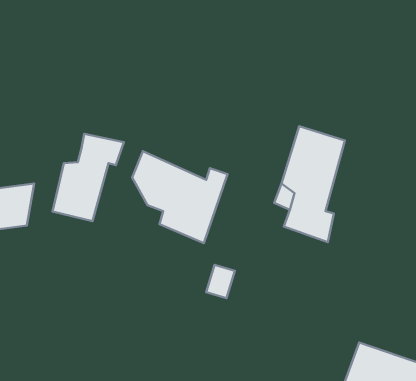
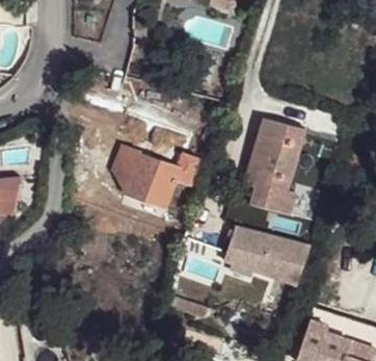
building: [53,134,124,221] -> none
building: none -> [226,231,313,292]

